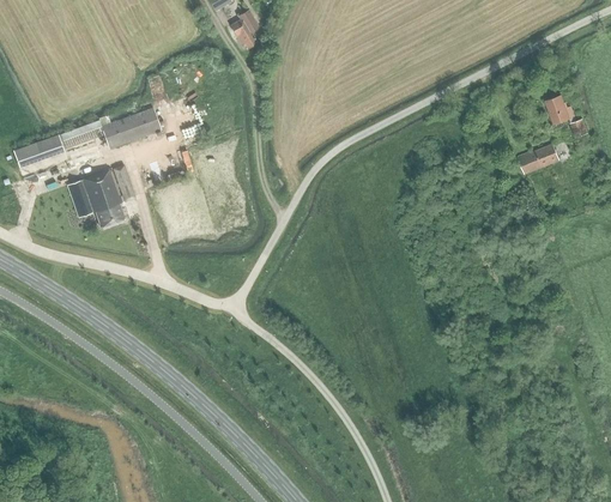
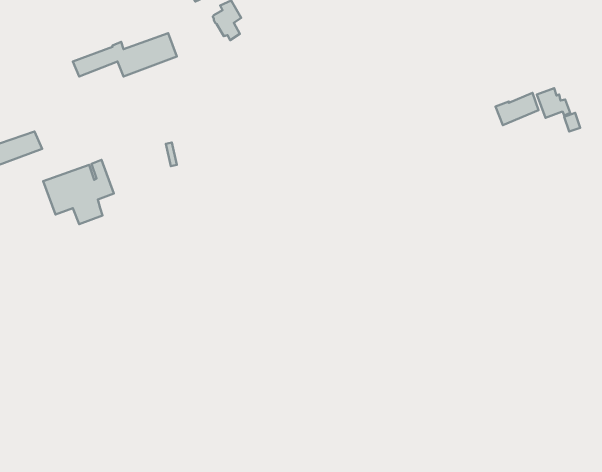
building: [60,107,161,149] -> [73,33,177,76]
building: [516,143,558,174] -> [495,93,539,125]

